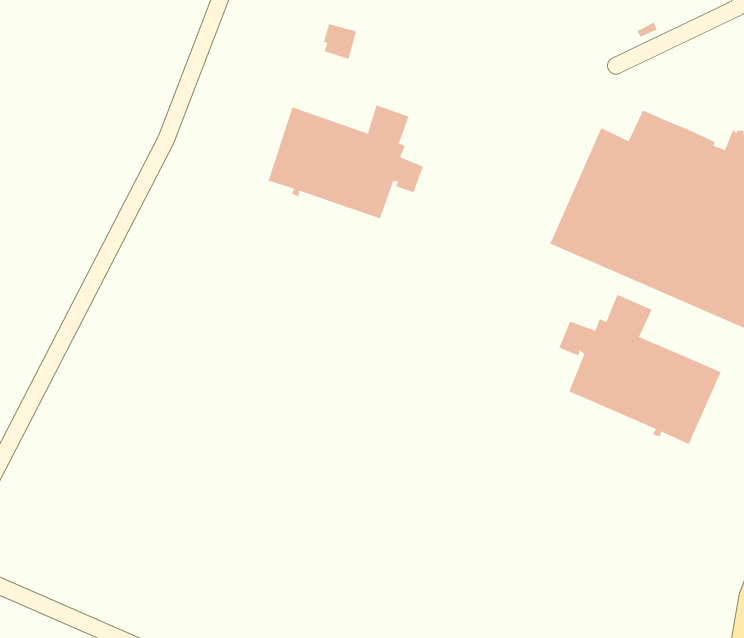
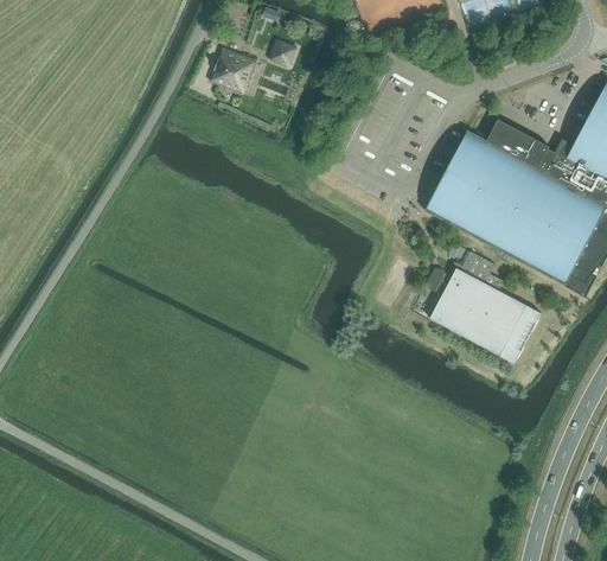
building: none -> [211,47,256,93]
building: [268,105,424,219] -> none

